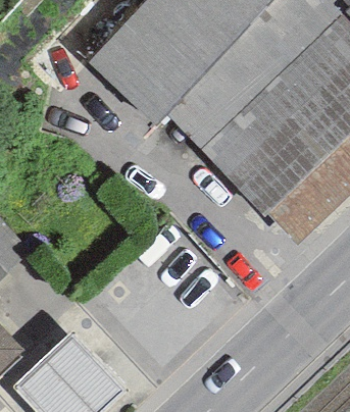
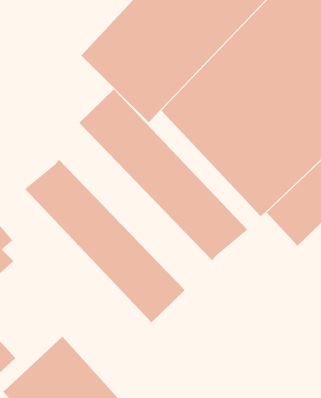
building: none -> [79,88,248,261]
building: none -> [24,159,185,323]

